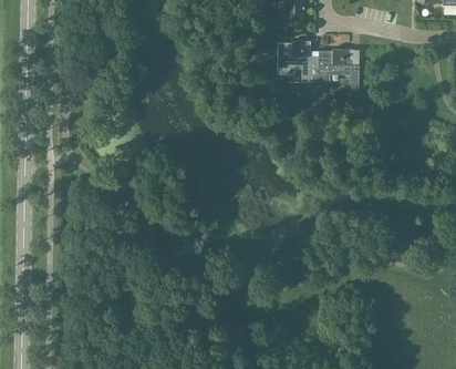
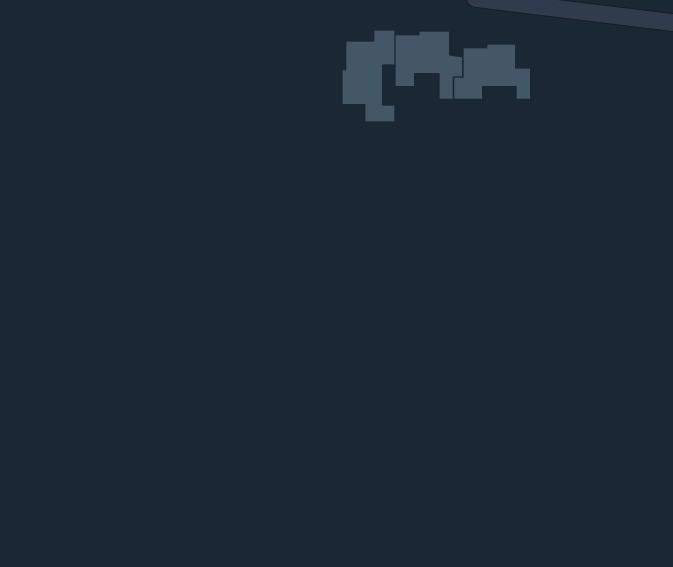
building: none -> [342,30,395,122]

